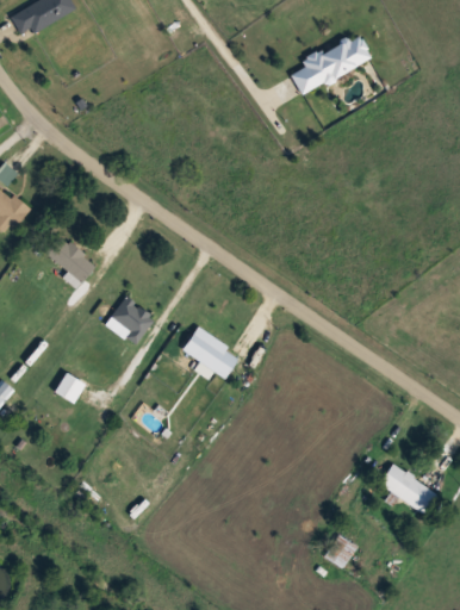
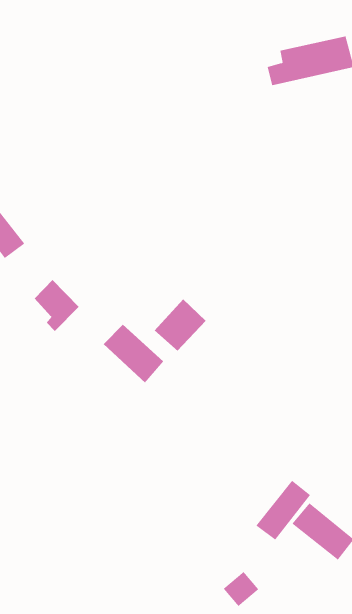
building: none -> [154,298,206,351]
building: none -> [256,480,311,541]

